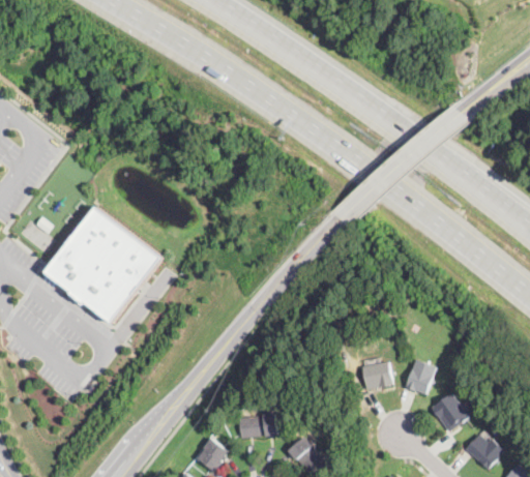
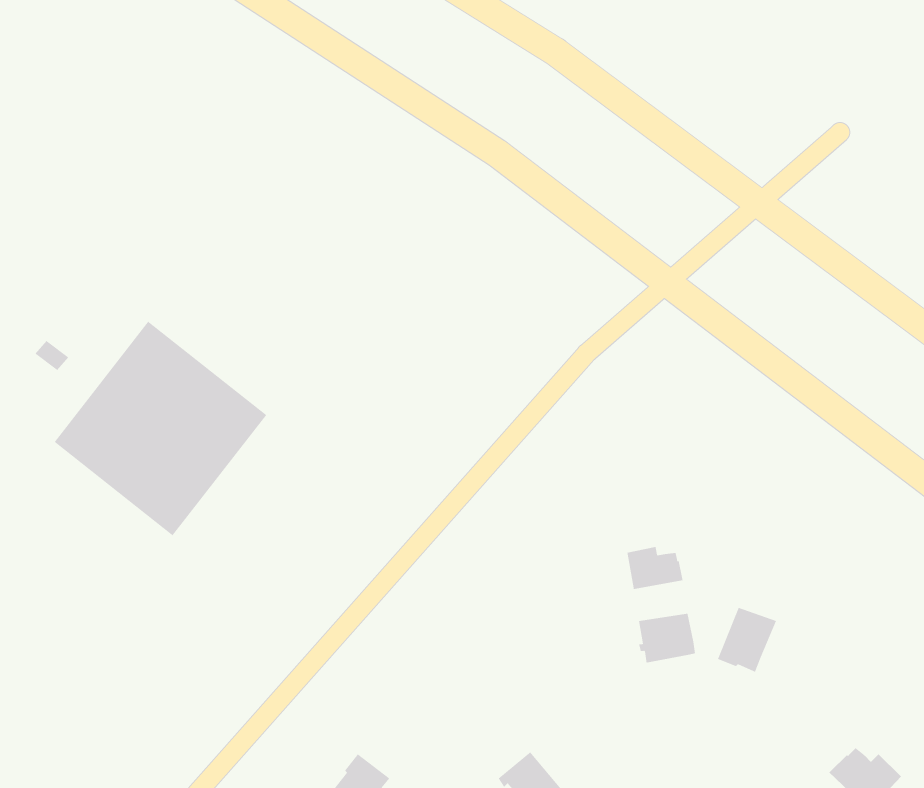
building: none -> [627,546,683,590]
building: [430,392,467,431] -> none
building: [237,413,276,438] -> none

